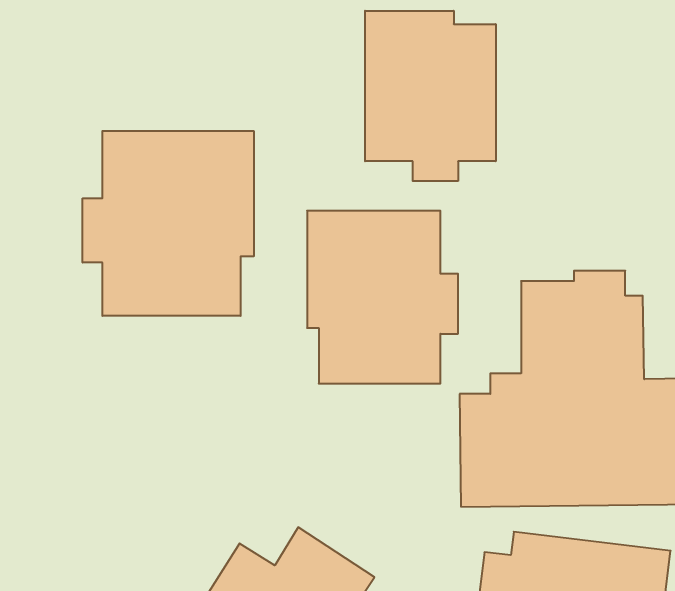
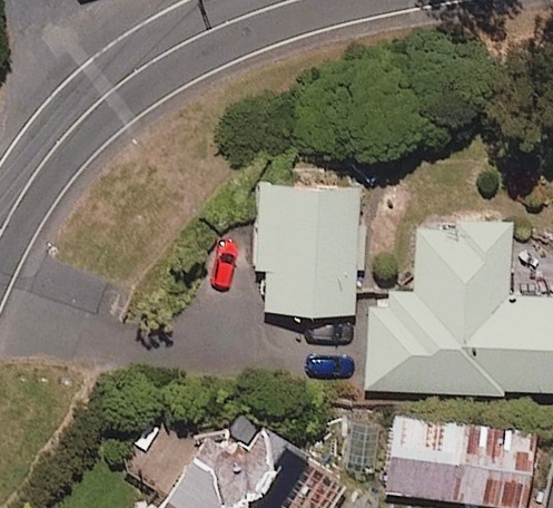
building: [365,11,496,181] -> none
building: [83,131,254,316] -> none

